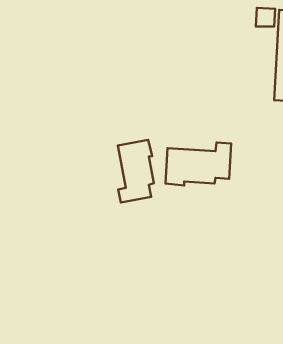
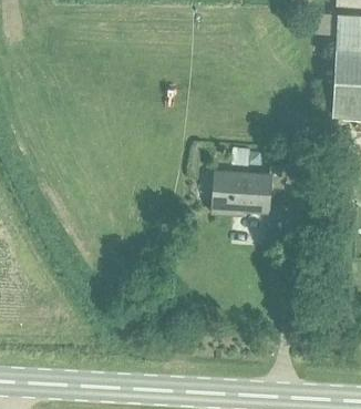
building: [118,140,154,202] -> none

